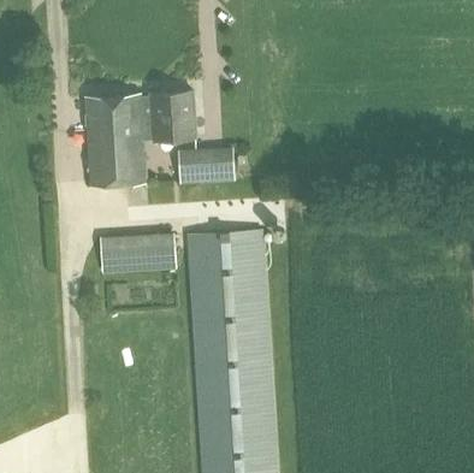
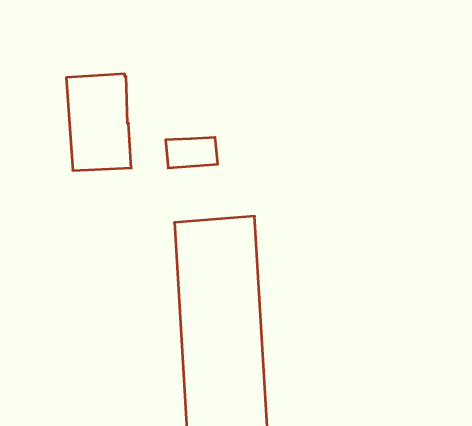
building: [142,91,196,141] -> none
building: [101,235,176,272] -> none

